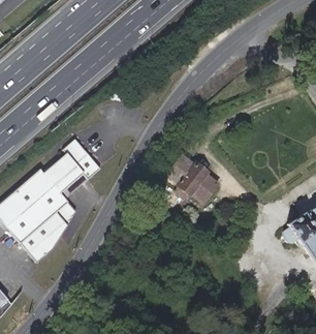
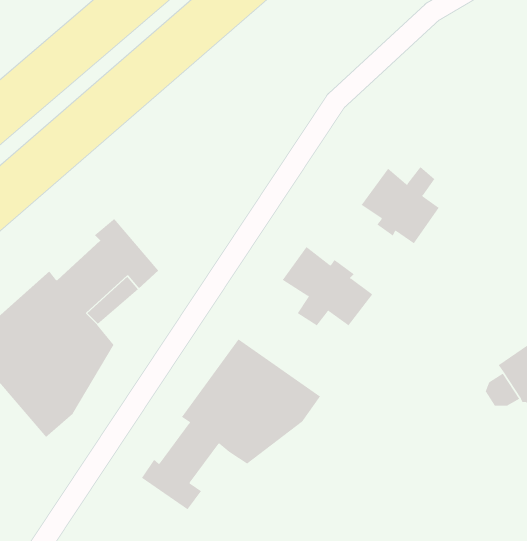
building: none -> [361,166,439,244]
building: none -> [141,338,321,510]

